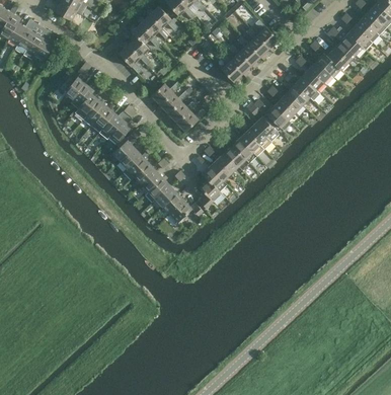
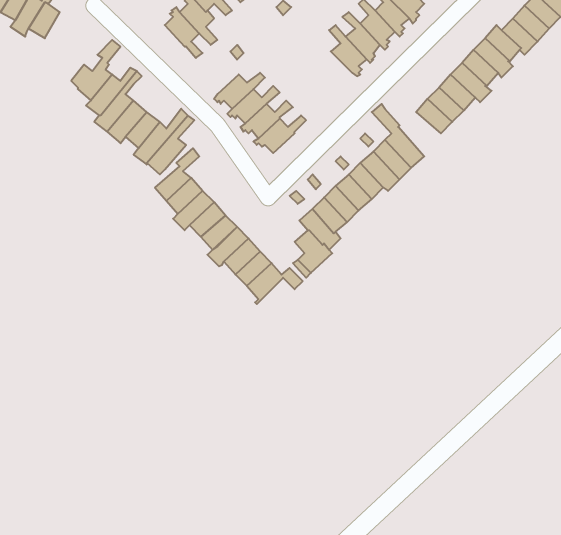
building: [254,99,289,131] -> none

